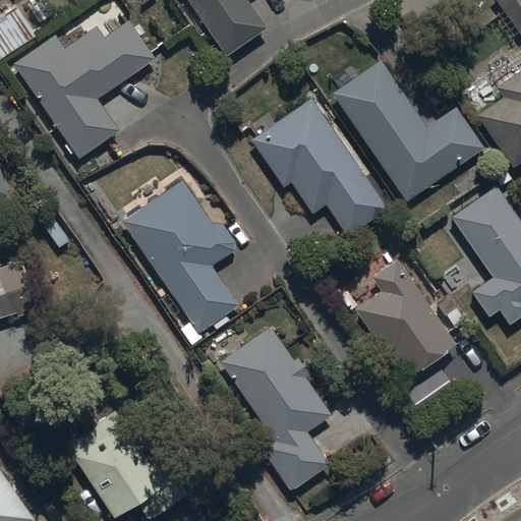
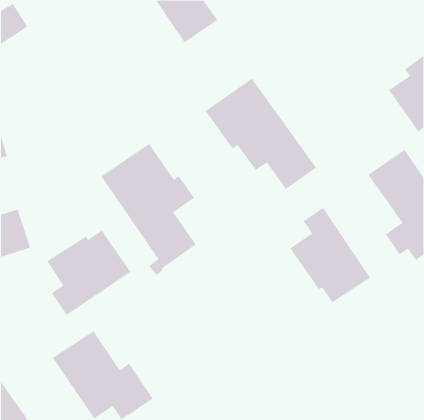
building: [14,20,155,157] -> none
building: [332,60,484,202] -> none
building: none -> [47,230,131,316]
building: [221,329,332,490] -> none

